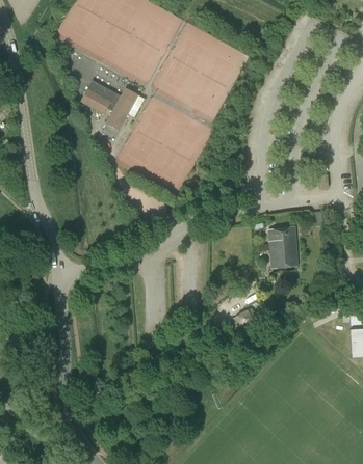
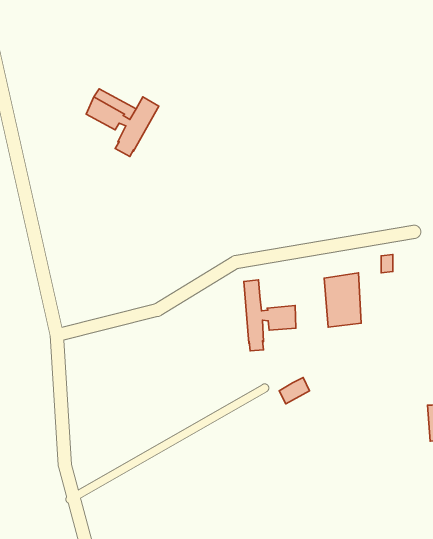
building: none -> [244,280,296,351]

